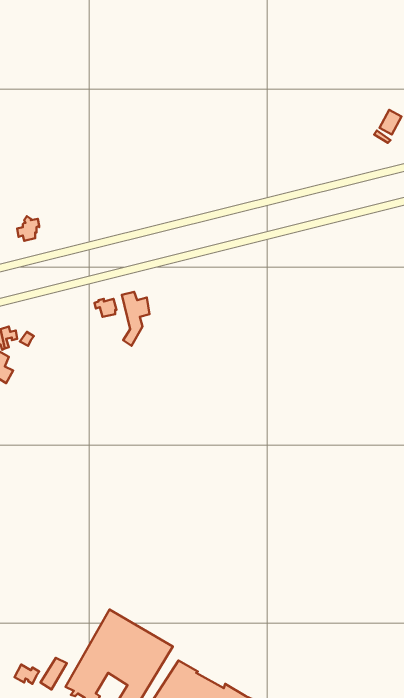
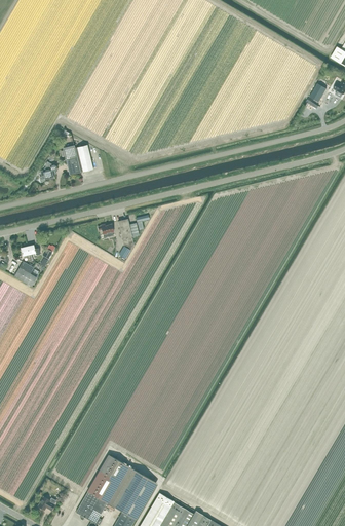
building: none -> [64,145,93,175]

